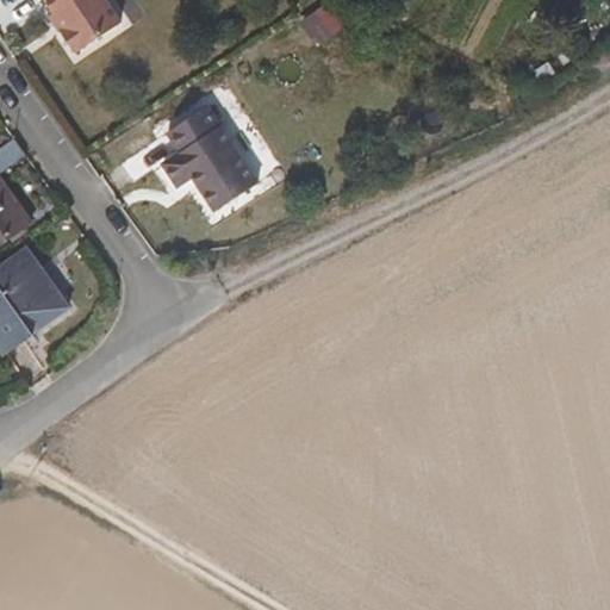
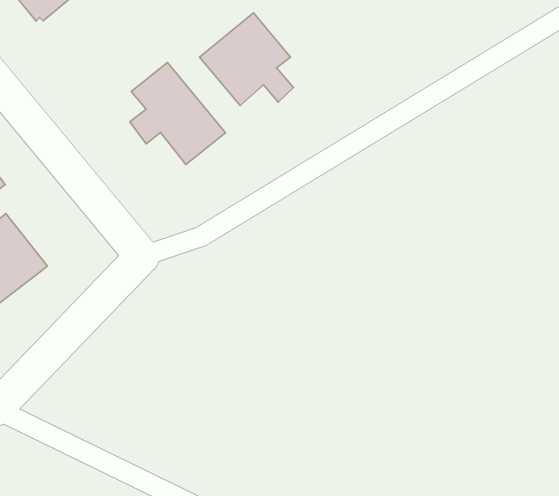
building: none -> [200,13,293,105]

